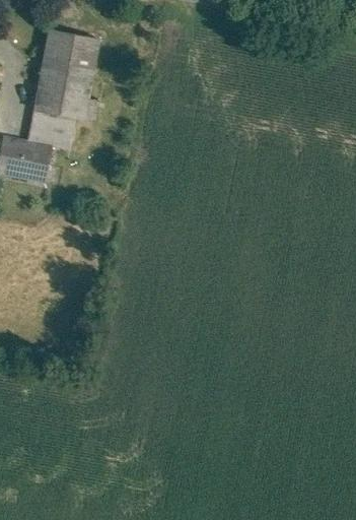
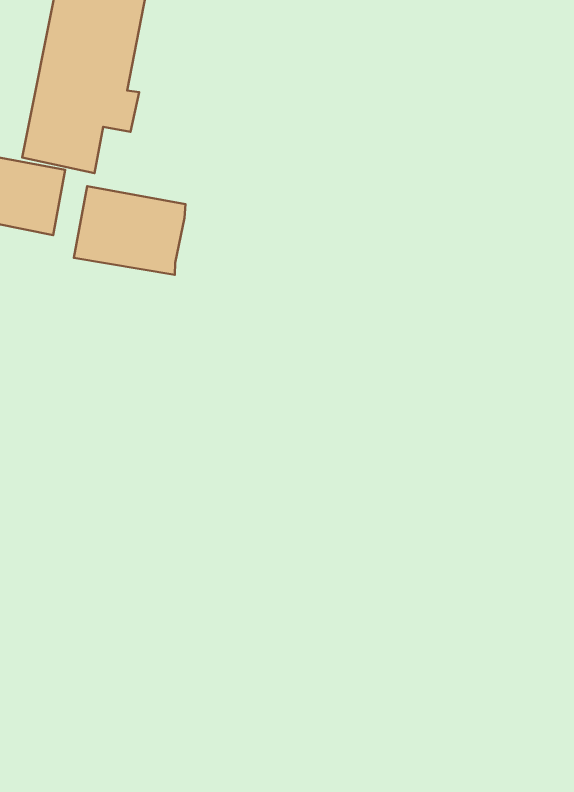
building: none -> [74,186,186,275]

